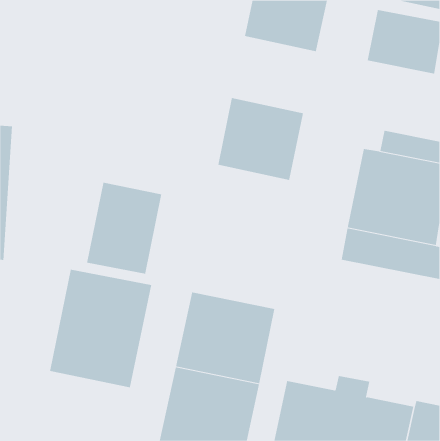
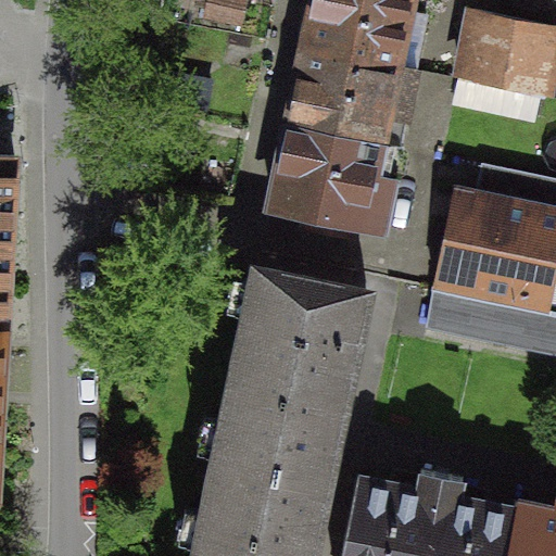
building: none -> [291,46,399,142]
building: [86,182,162,274] -> none
building: none -> [241,273,366,389]
building: [49,269,152,388] -> none

